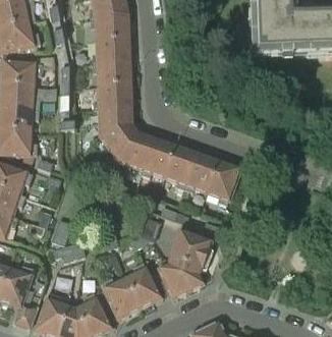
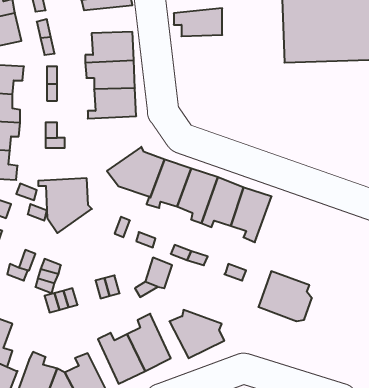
building: [90,14,128,37] -> [174,8,222,36]
building: [93,103,135,147] -> [38,178,92,233]
building: [169,229,212,269] -> [258,271,312,321]

